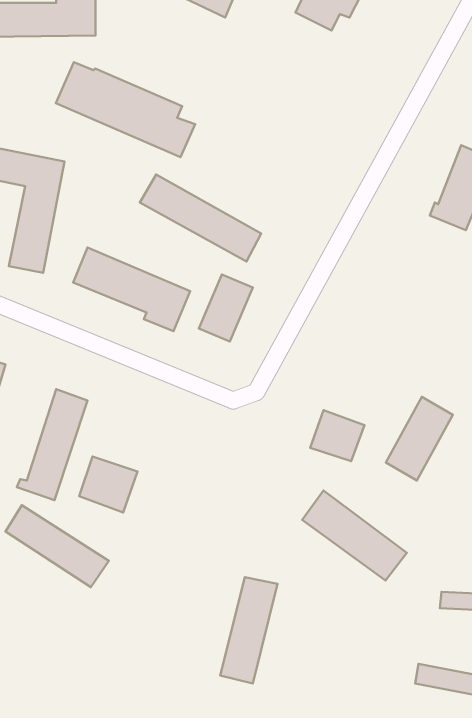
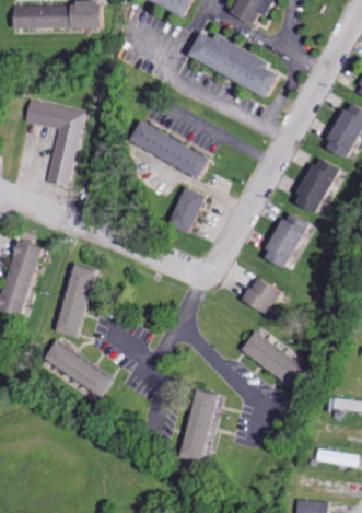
building: [56,62,195,157] -> [190,31,283,94]
building: none -> [294,156,339,213]
building: [73,248,190,331] -> none
building: [386,397,453,480] -> [264,211,308,267]
building: [79,456,137,513] -> none

